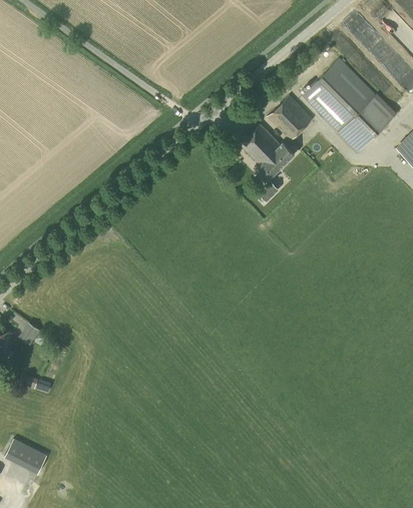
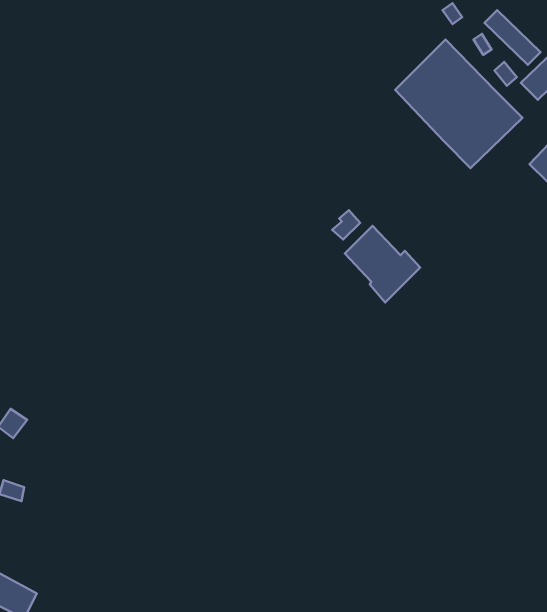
building: [266,95,312,141] -> none
building: [240,124,294,179] -> [345,226,420,303]

